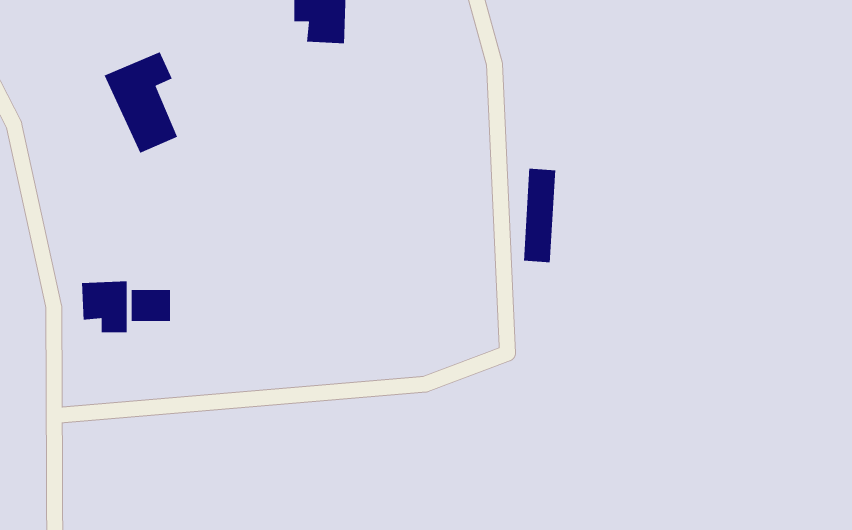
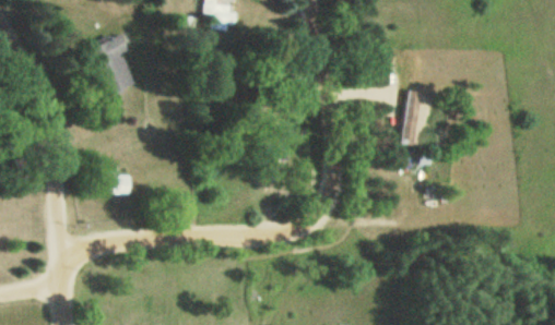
building: [523,168,556,263] -> [401,89,421,146]
building: [81,281,127,333] -> none

